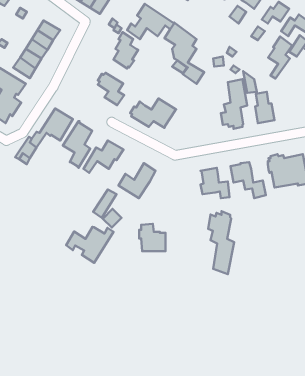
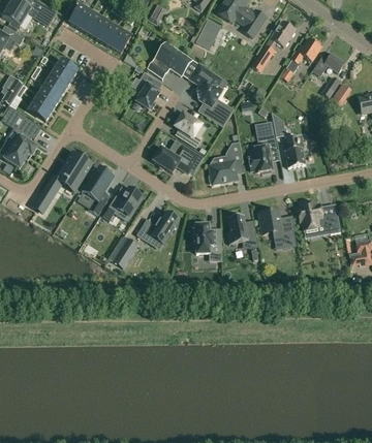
building: [268,37,292,79] -> none
building: [98,73,124,105] -> [175,114,203,148]
building: none -> [208,141,243,184]
building: [208,211,234,274] -> none
building: [139,224,166,251] -> [193,224,221,253]
building: [66,227,114,263] -> none

